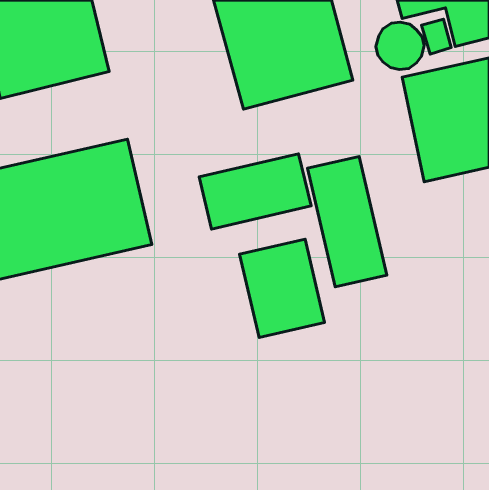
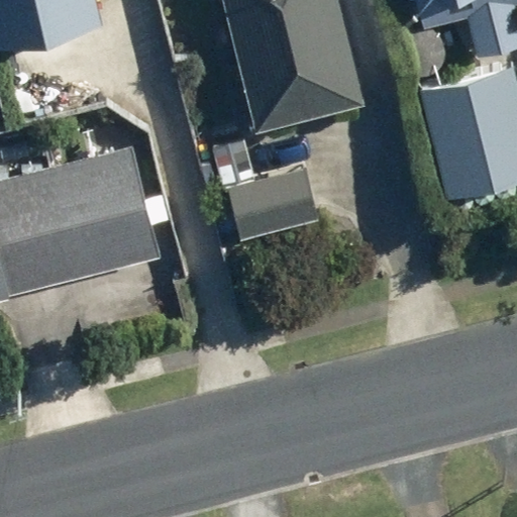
building: [308,157,387,287] -> none
building: [240,239,324,338] -> none

